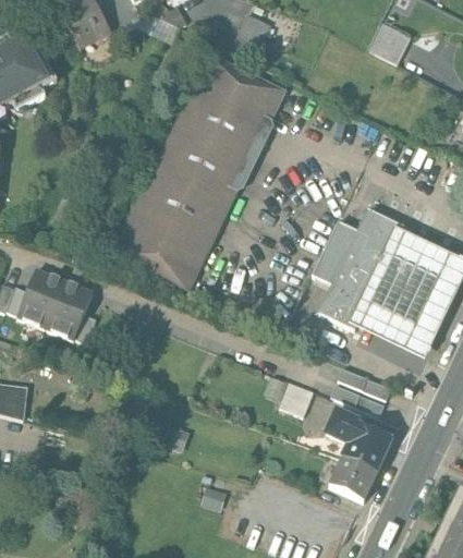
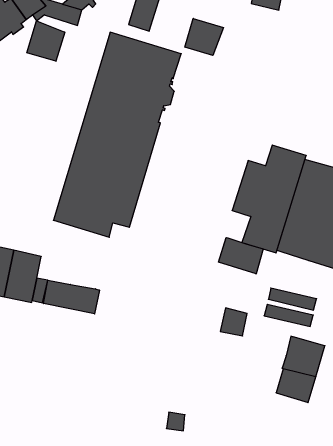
building: none -> [27,21,65,61]
building: none -> [185,18,224,55]
building: none -> [219,238,263,274]
building: none -> [44,280,99,314]
building: [326,410,360,442] -> none

